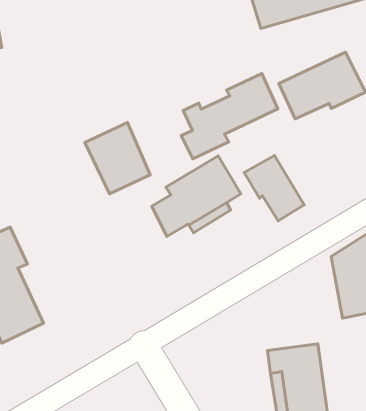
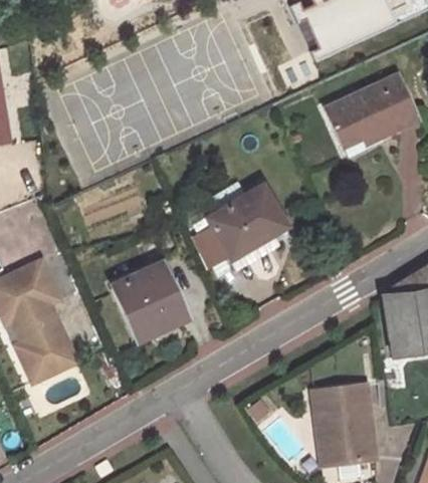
building: [181,74,278,159] -> none
building: [85,122,150,194] -> [114,264,183,339]
building: [244,155,304,221] -> none

